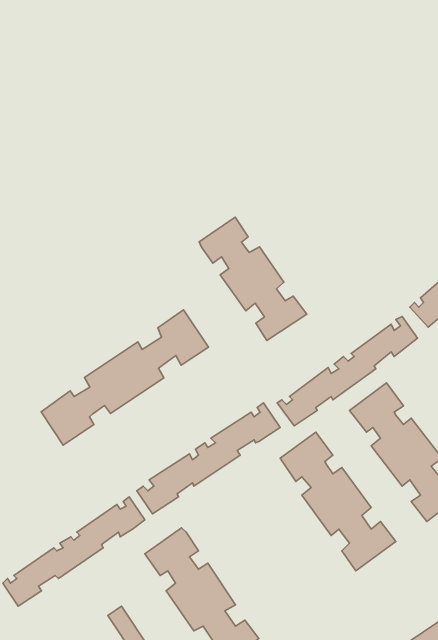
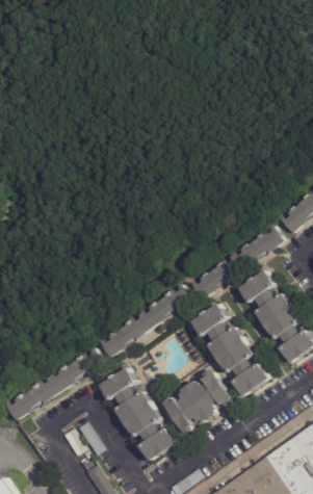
building: [199,217,307,341] -> none
building: [41,310,209,445] -> none
building: none -> [163,367,234,434]

